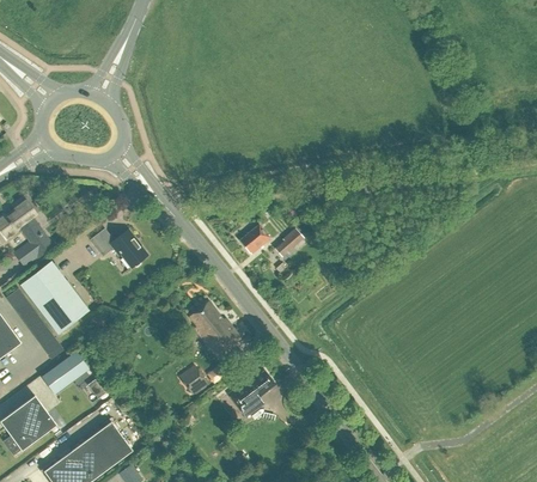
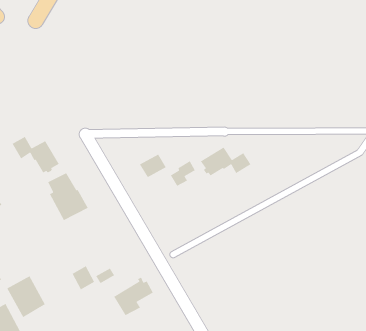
building: none -> [200,147,252,176]
building: [191,301,243,358] -> [47,172,89,221]
building: none -> [6,275,46,318]

